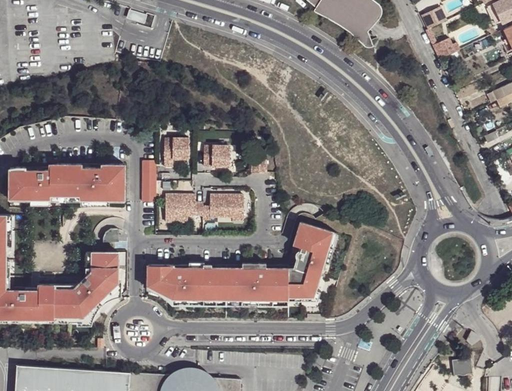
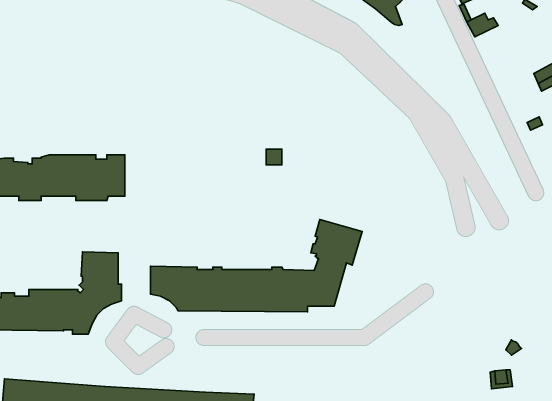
building: [164,138,189,166] -> none
building: [203,146,229,166] -> none
building: [141,160,155,201] -> none
building: [165,194,243,222] -> none

